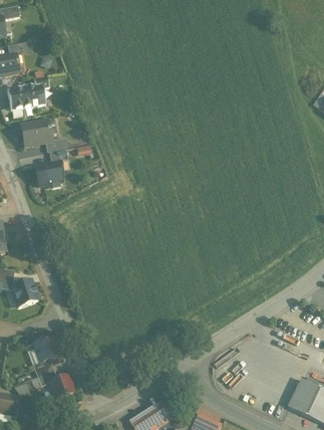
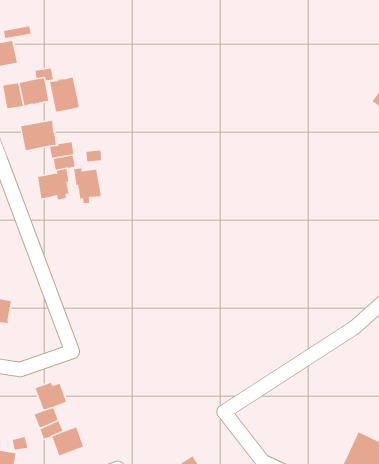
building: none -> [49,76,79,113]
building: none -> [73,168,102,204]
building: [11,278,37,305] -> none

